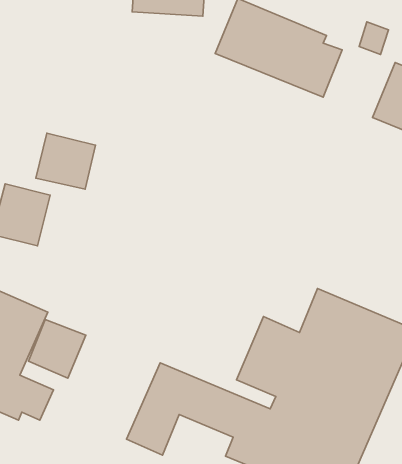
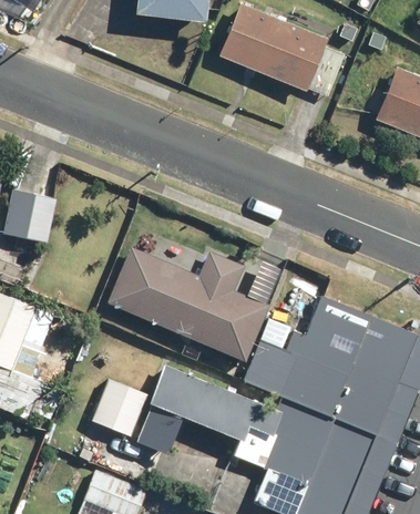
building: [36,133,96,189] -> none
building: none -> [105,246,270,363]
building: [28,320,86,378] -> [92,379,148,436]

